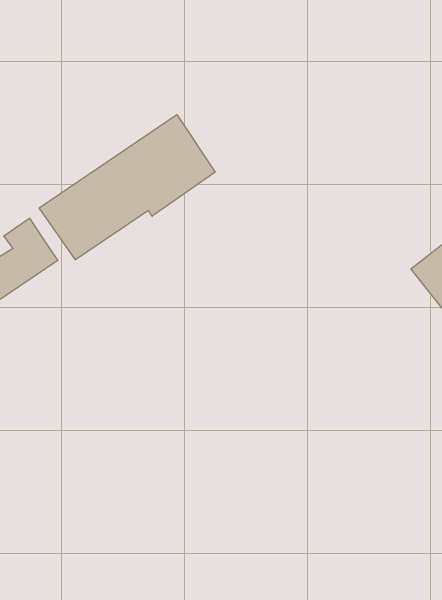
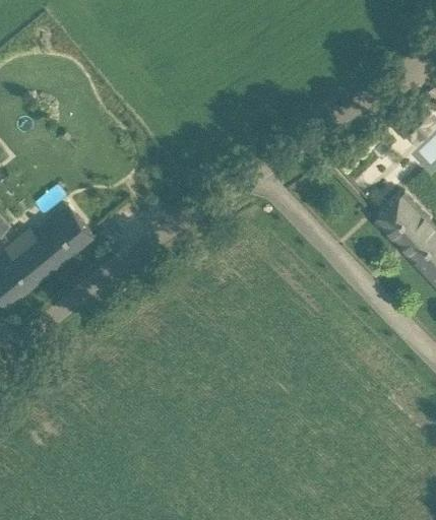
building: [39,115,215,260] -> none

